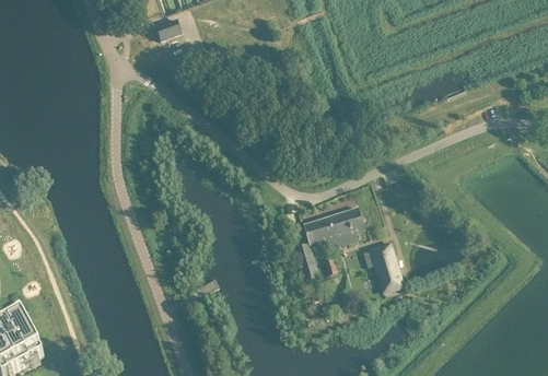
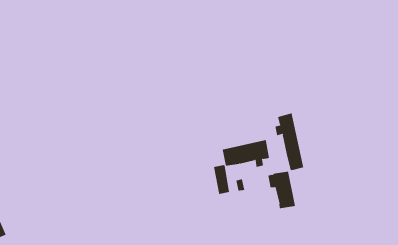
building: none -> [275,112,304,171]

